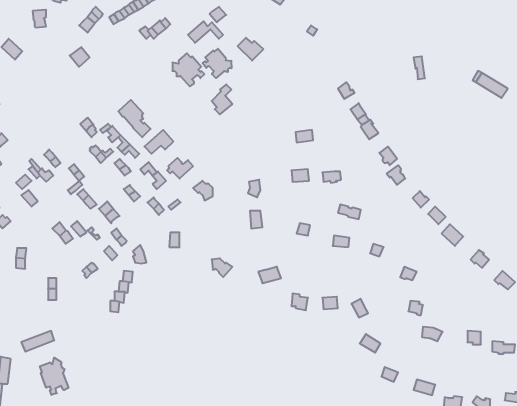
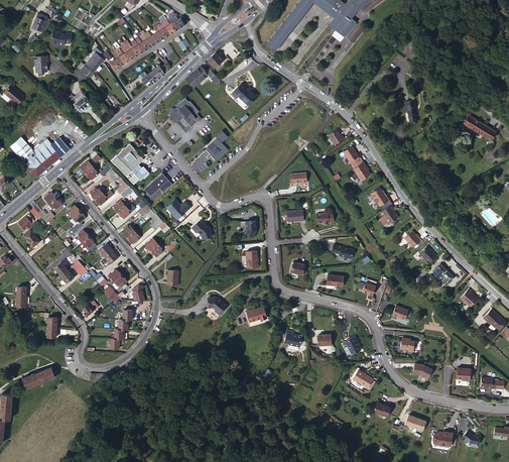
building: [203,49,231,78] -> none
building: none -> [9,137,70,179]
building: [40,358,68,395] -> none

